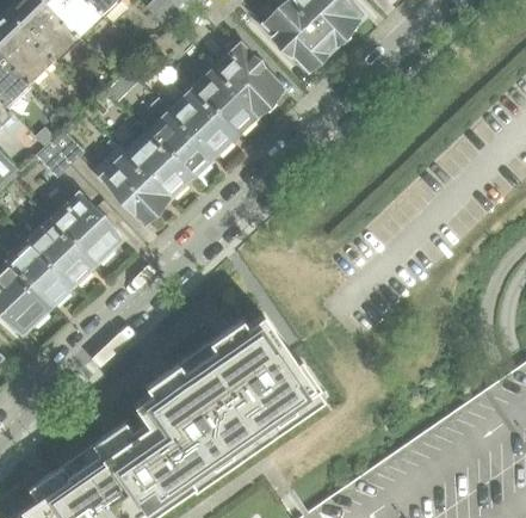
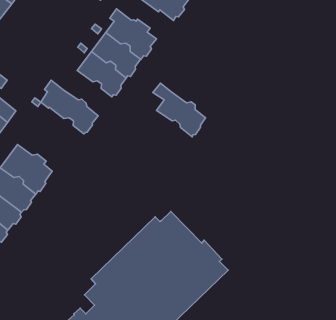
building: [148,100,211,177] -> [153,83,206,137]
building: [104,155,168,222] -> none

